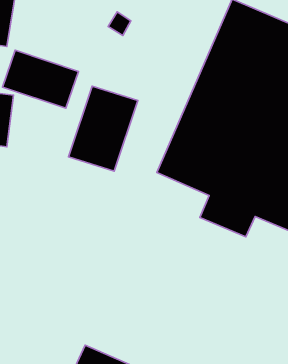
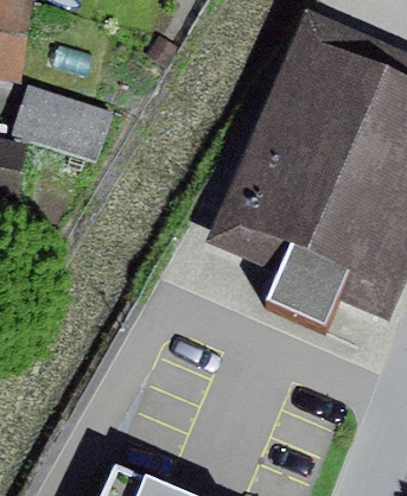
building: [69,86,138,171] -> none

